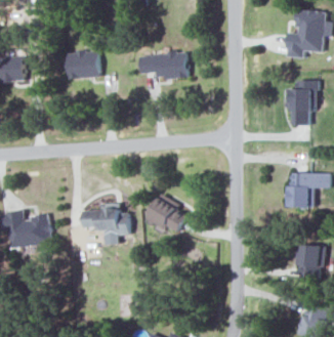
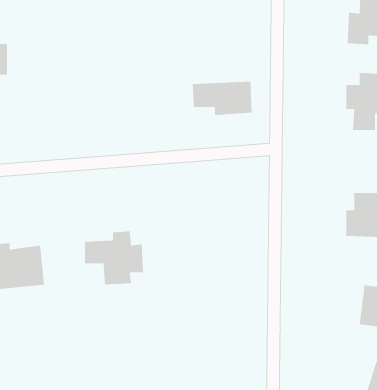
building: [67,50,98,78] -> none
building: [139,52,186,79] -> [192,81,253,116]
building: [144,194,185,233] -> none

